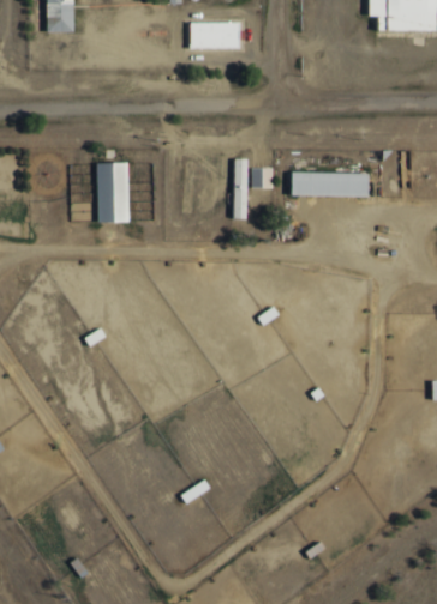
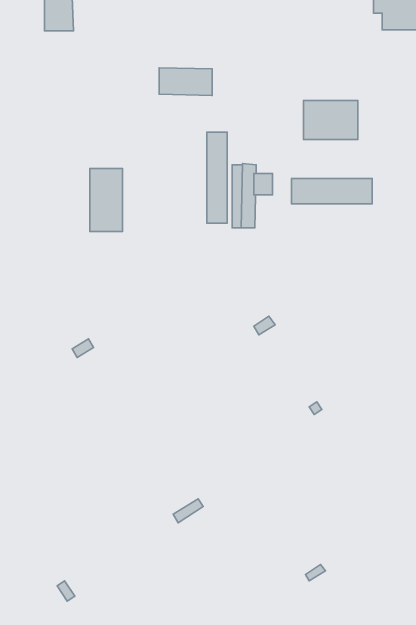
building: [198,22,249,48] -> [159,68,212,95]
building: none -> [304,100,358,140]
building: none -> [207,132,227,223]

